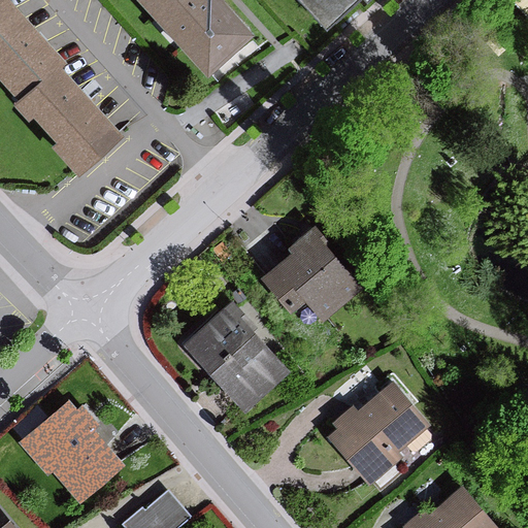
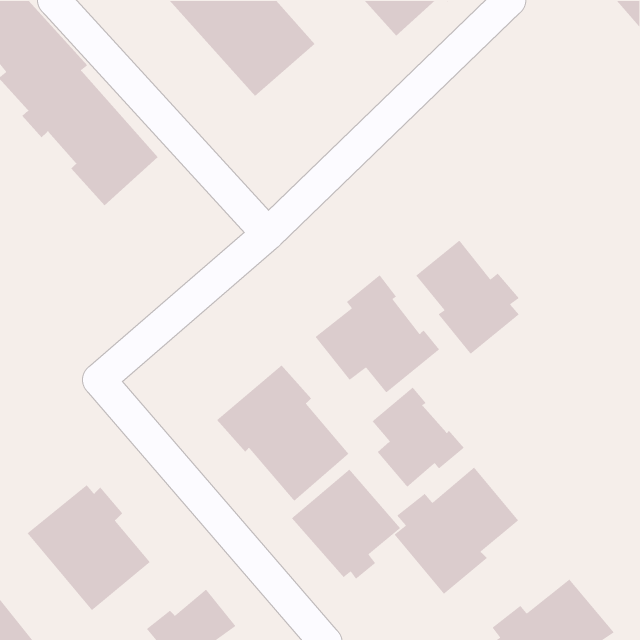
building: none -> [415,239,520,355]
building: none -> [372,387,465,488]
building: none -> [291,468,401,580]

